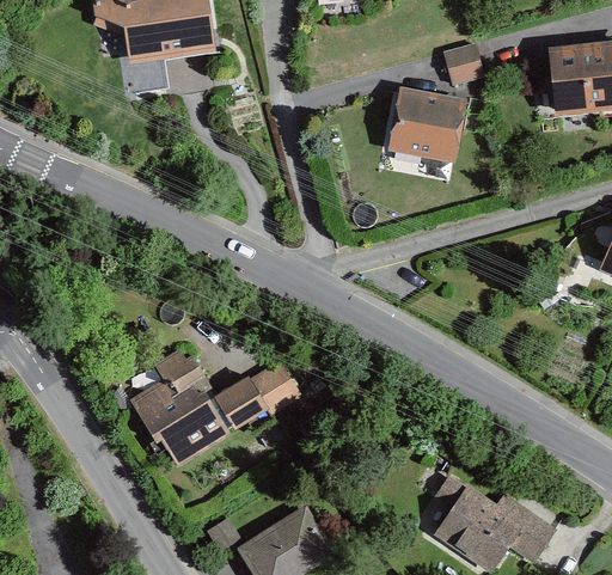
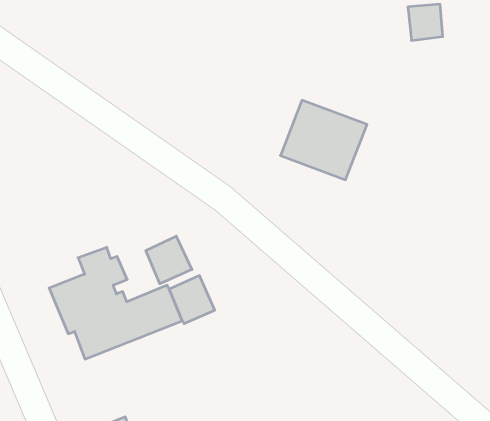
building: [385,86,467,159] -> [280,100,367,180]
building: none -> [146,236,192,284]

